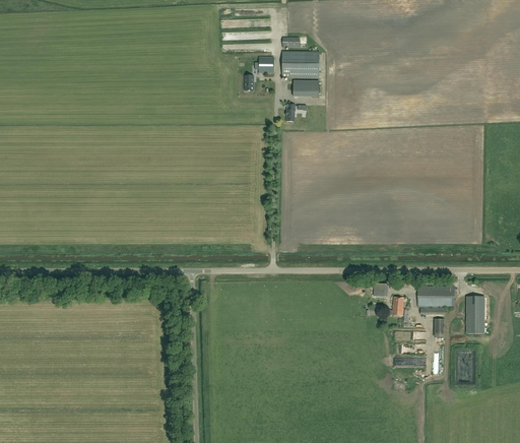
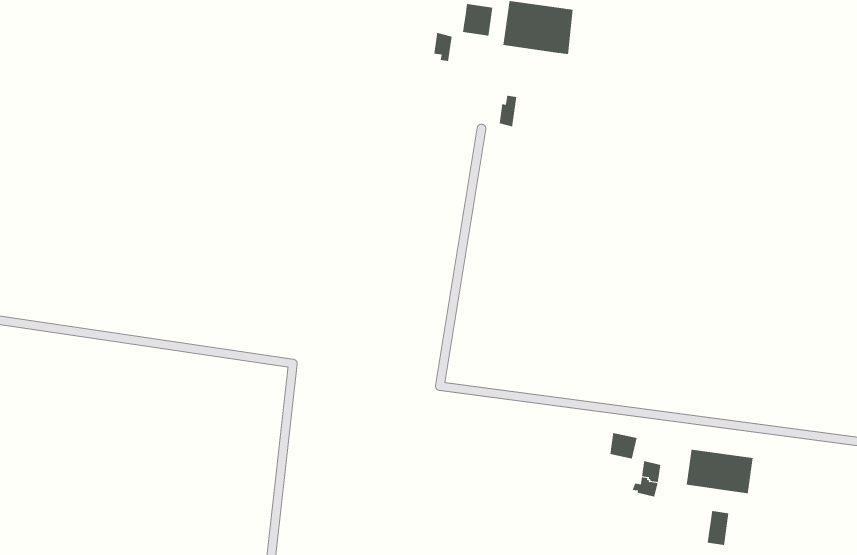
building: [294,80,319,97] -> none
building: [467,297,484,332] -> none

